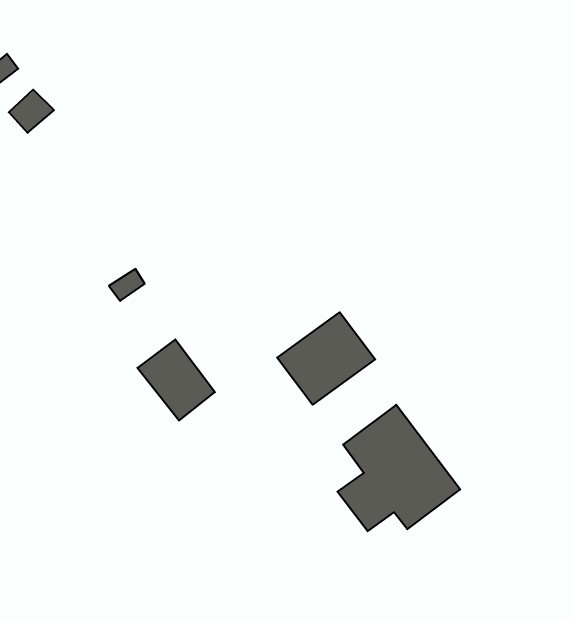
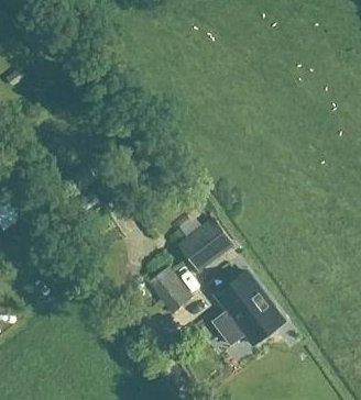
building: [137,339,215,421] -> [145,265,190,312]

